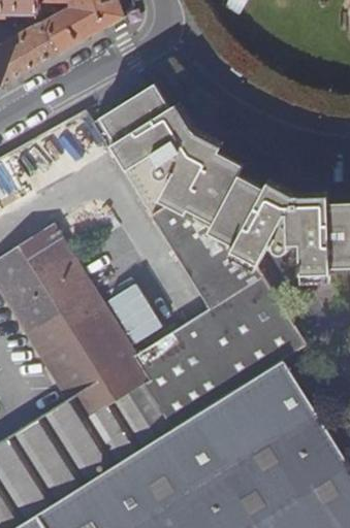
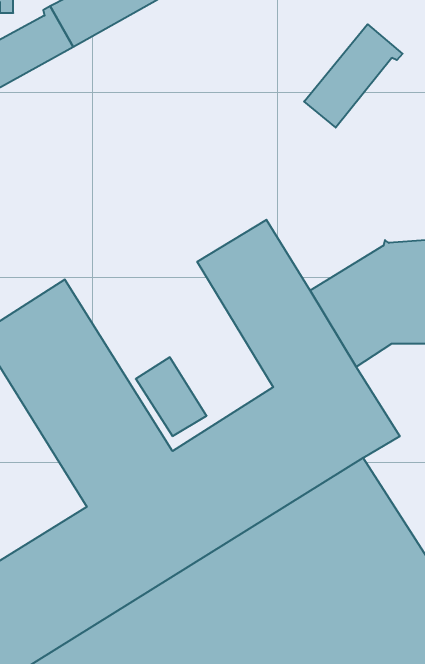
building: none -> [304,24,403,128]
building: [96,82,296,236] -> none

